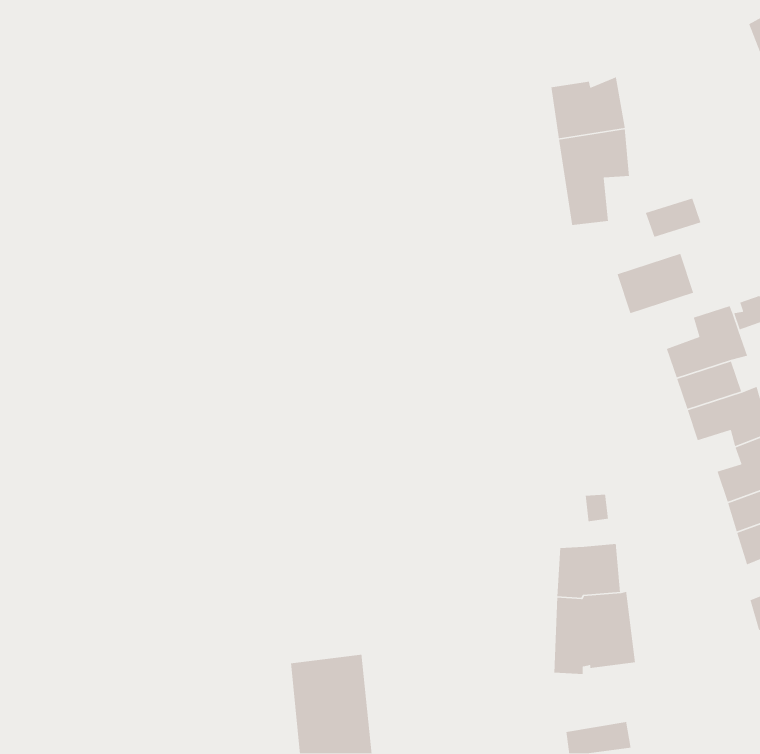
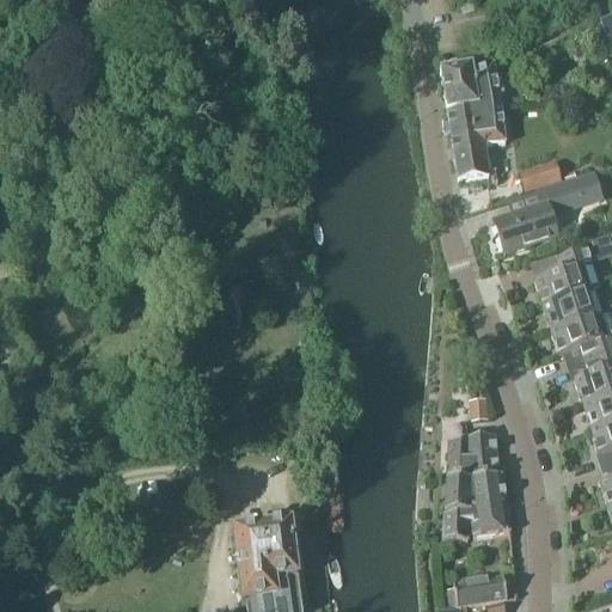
building: none -> [549,172,600,206]

